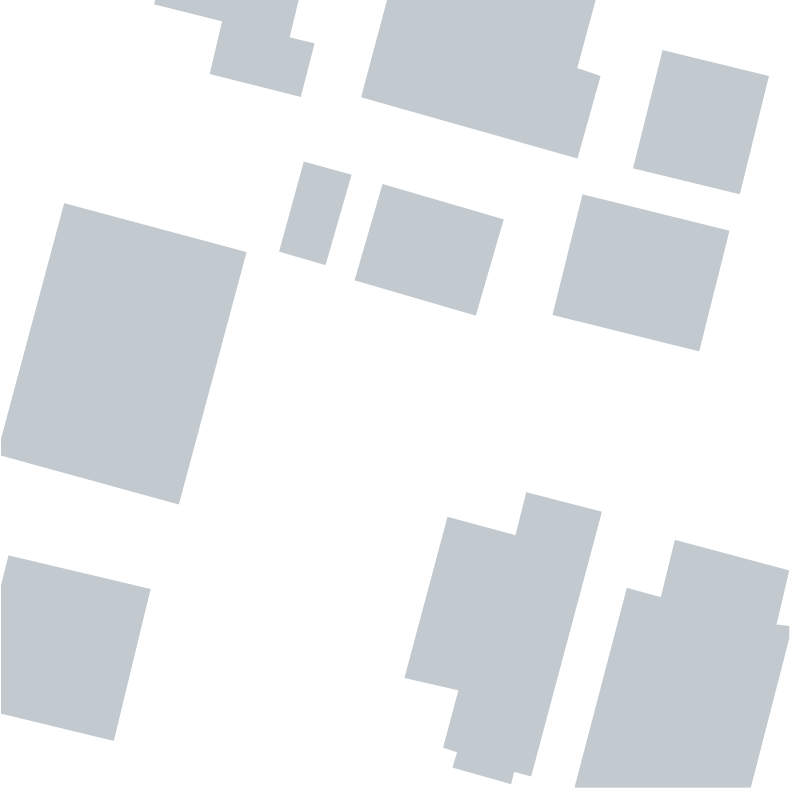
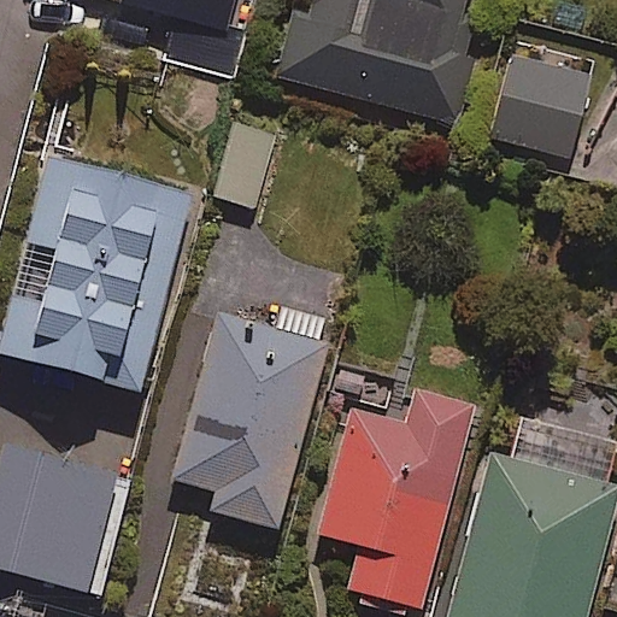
building: [354,183,505,317] -> none
building: [552,194,730,352] -> none
building: none -> [172,316,328,530]

